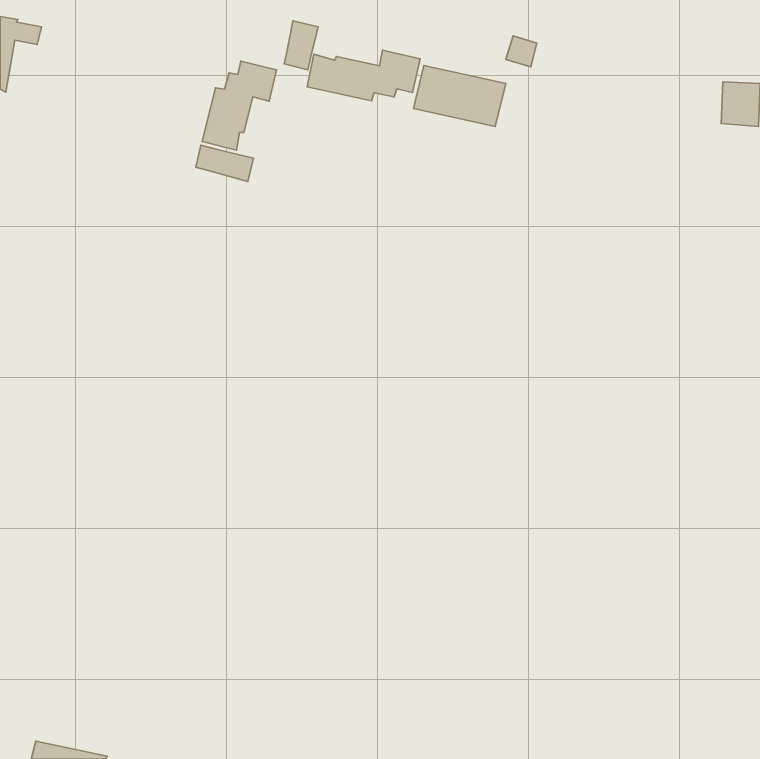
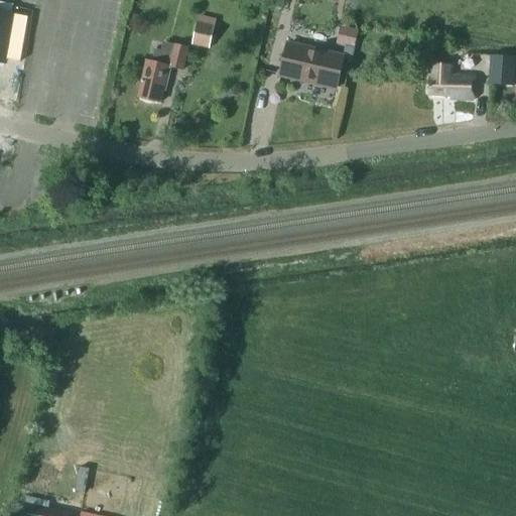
building: [307,50,420,101] -> none
building: none -> [429,63,475,99]
building: [196,145,254,181] -> none

